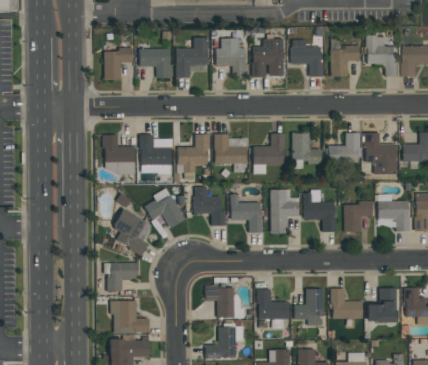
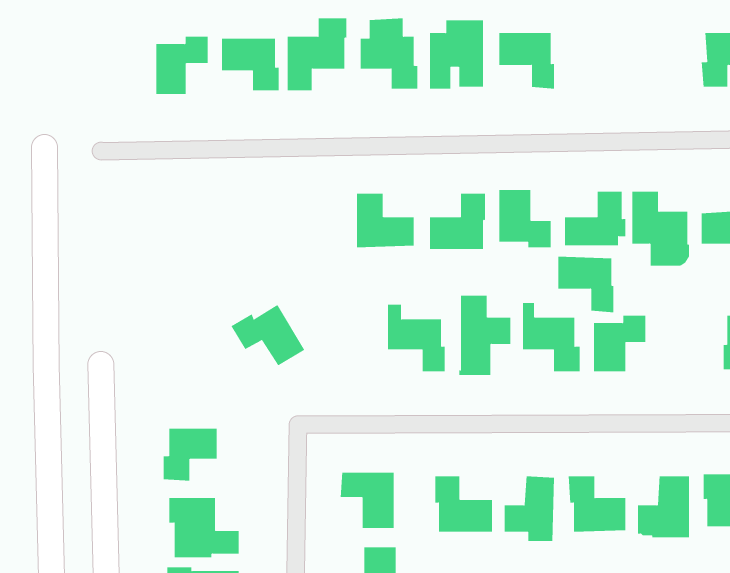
building: [365,34,400,75] -> none
building: [331,45,359,76] -> none
building: [178,133,210,172] -> none
building: [139,134,171,164] -> none
building: [103,135,135,162] -> none
building: [194,185,226,225] -> none
building: [379,200,410,231] -> [558,256,614,313]
building: [113,208,149,256] -> none

